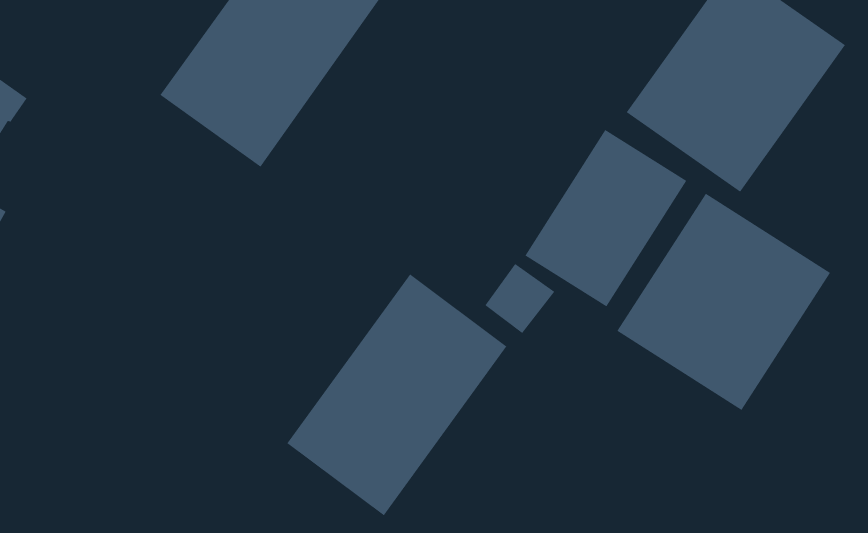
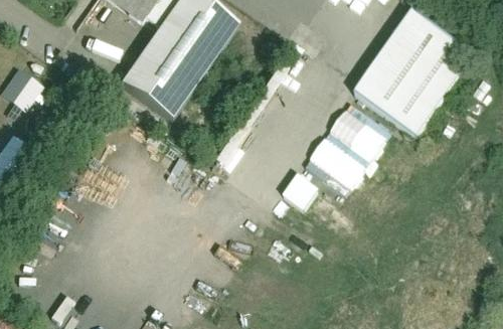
building: [617,193,831,411] -> none
building: [286,273,507,516] -> none

